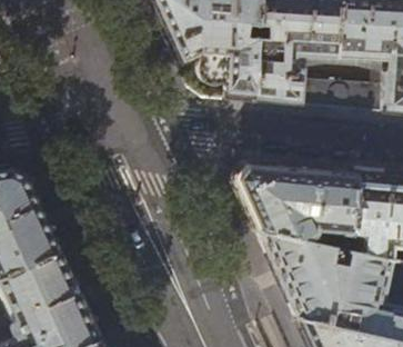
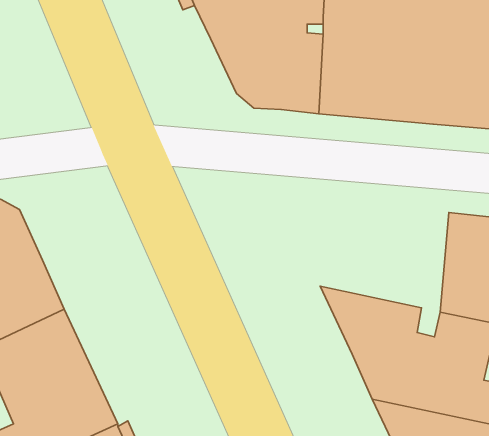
building: [231,165,353,250] -> none

